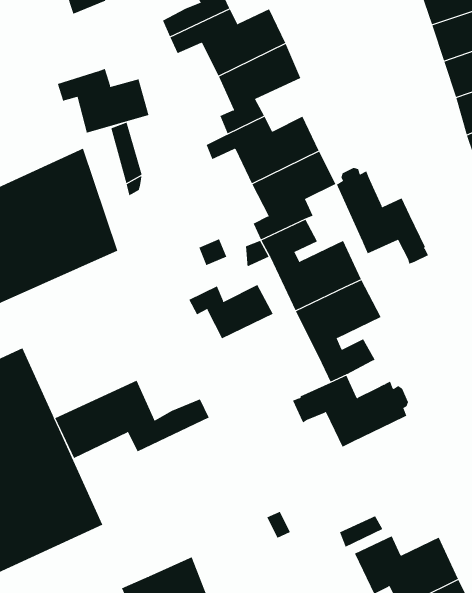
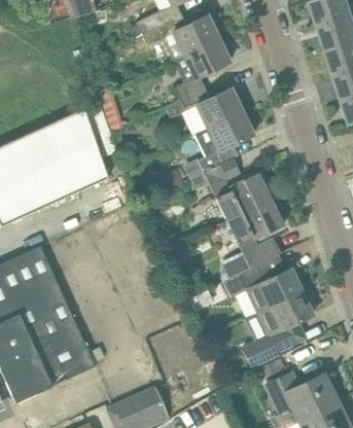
building: [57,68,149,134] -> none
building: [336,167,429,265] -> none
building: [189,284,273,339] -> none
building: [55,380,210,459] -> none
building: none -> [243,291,315,367]

